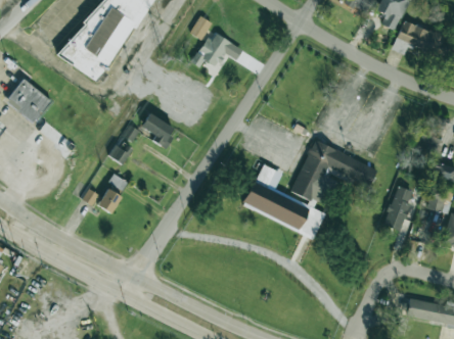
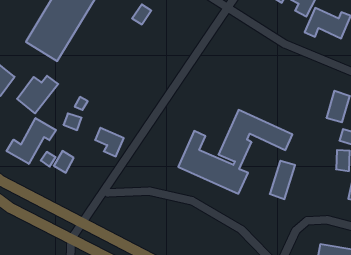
building: [192,31,231,67] -> none
building: none -> [17,76,58,113]
building: [141,114,175,148] -> [95,128,124,156]
building: none -> [7,118,56,164]
building: [383,186,413,231] -> [270,161,295,199]

